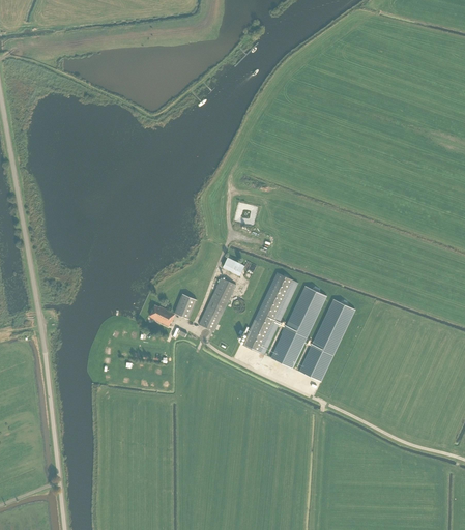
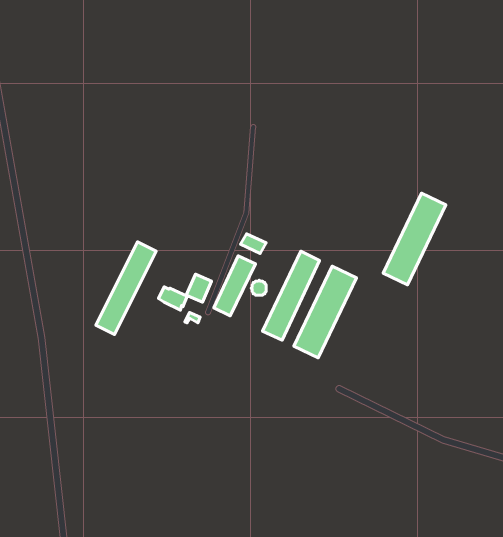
building: none -> [96,242,156,334]
building: [298,299,354,381] -> [383,193,446,285]

